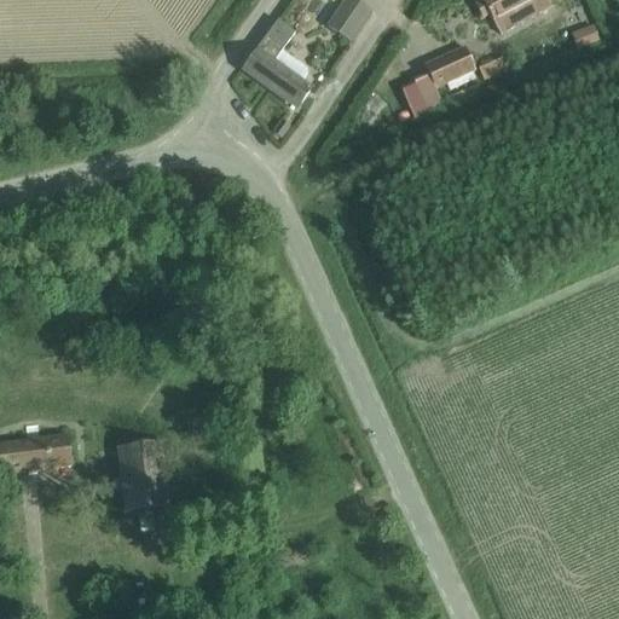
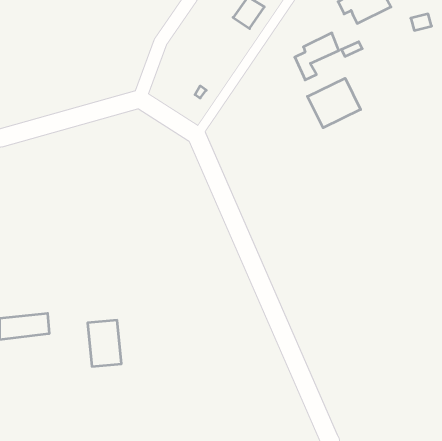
building: [242,16,307,105] -> none
building: none -> [307,78,361,128]

